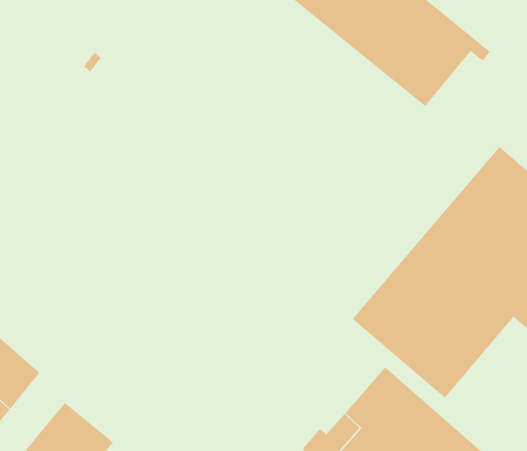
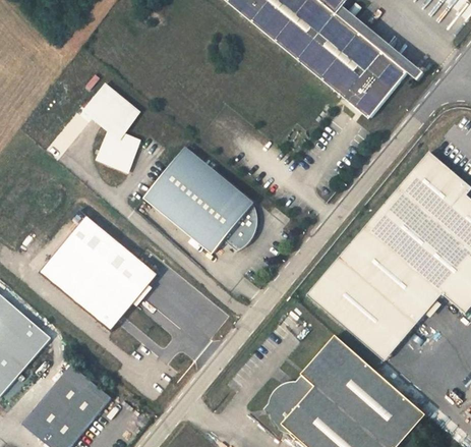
building: none -> [84,83,138,170]
building: none -> [143,147,255,253]
building: none -> [40,215,158,331]

